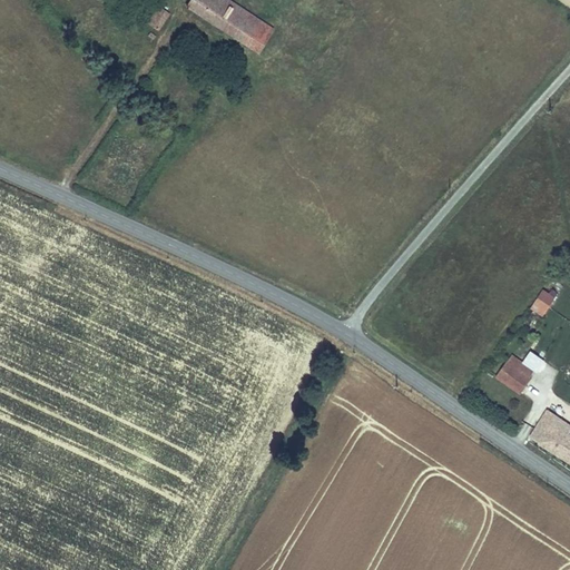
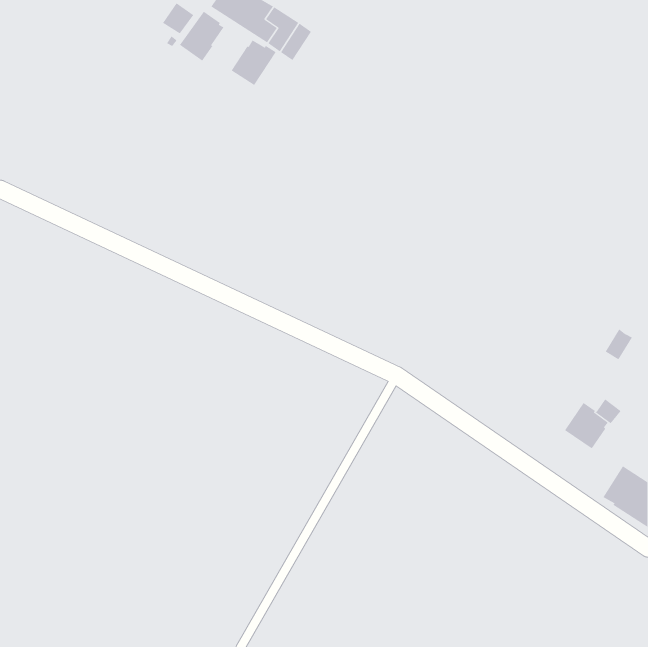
building: none -> [179,11,224,62]
building: none -> [231,40,277,86]

